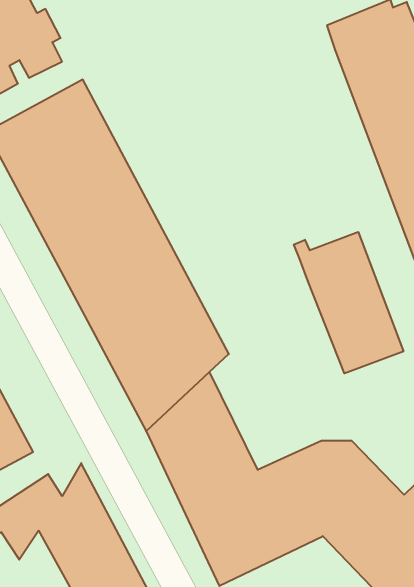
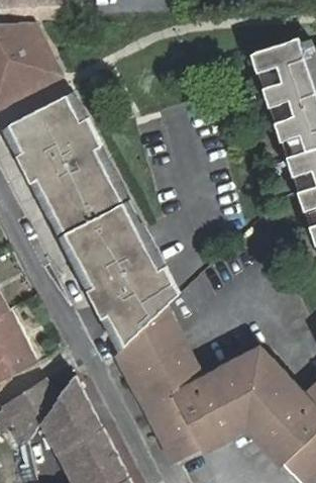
building: [294,232,403,373] -> none

